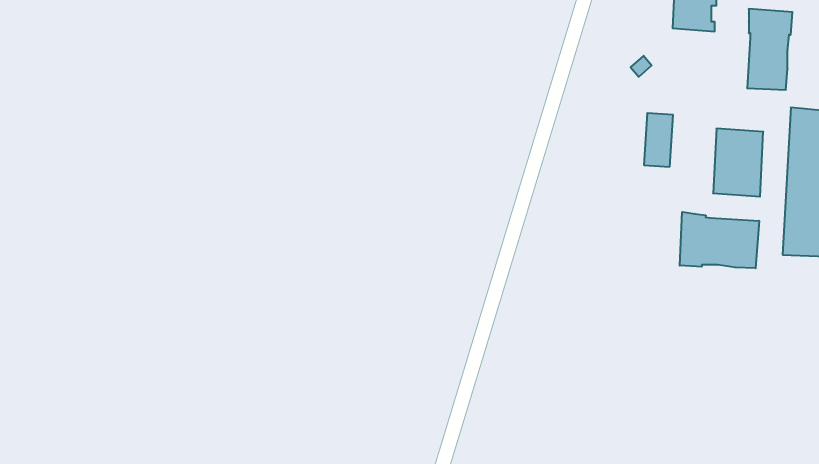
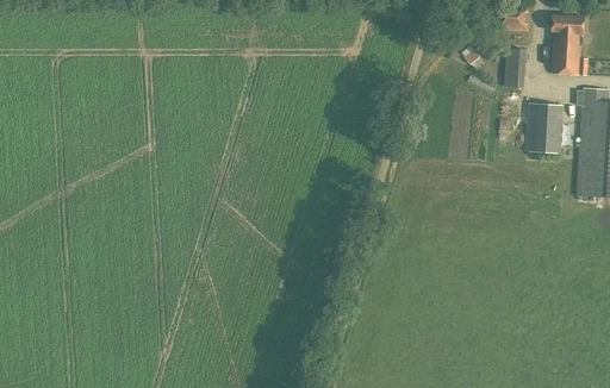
building: [644,113,673,167] -> [504,48,525,87]
building: [680,212,759,268] -> none

